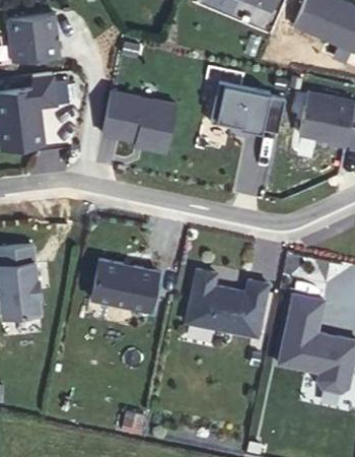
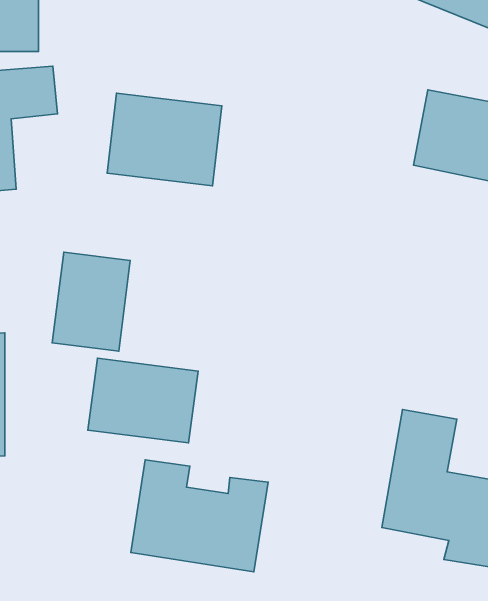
building: [210,80,284,151] -> none
building: none -> [52,252,130,351]
building: [183,267,270,338] -> [131,460,268,572]

